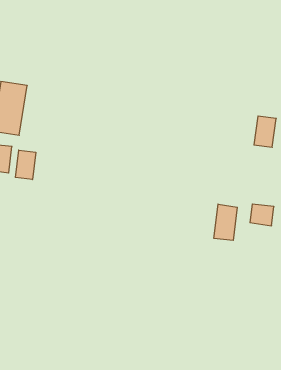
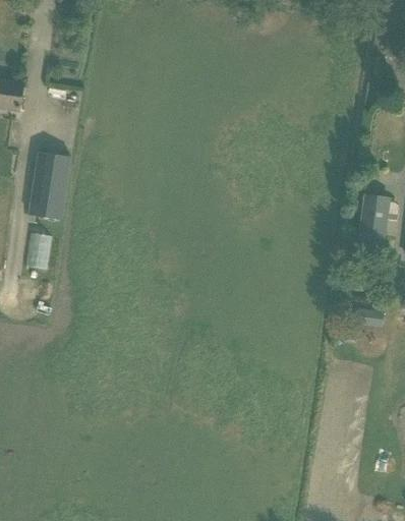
building: [15,150,36,180] -> none
building: [214,204,237,240] -> none

